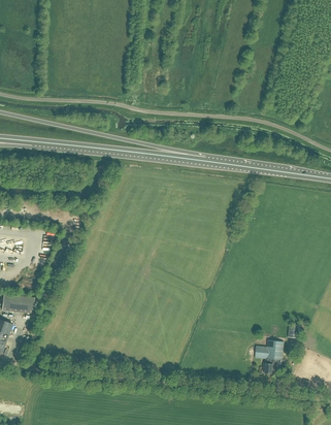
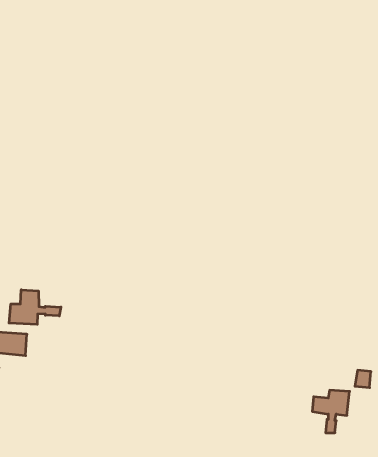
building: none -> [9,290,61,324]

